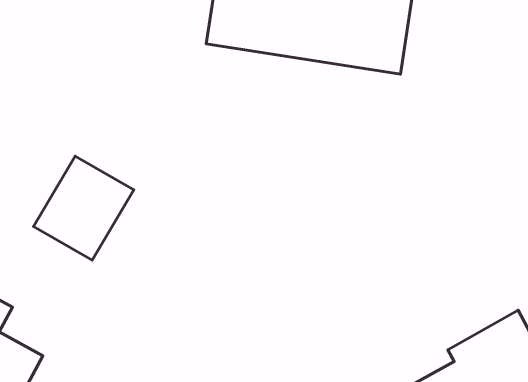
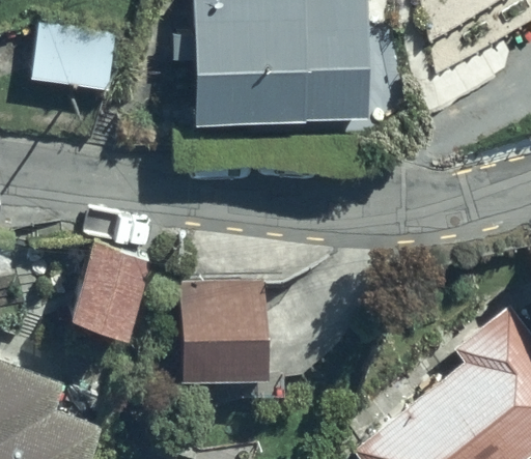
building: none -> [181,289,268,379]

